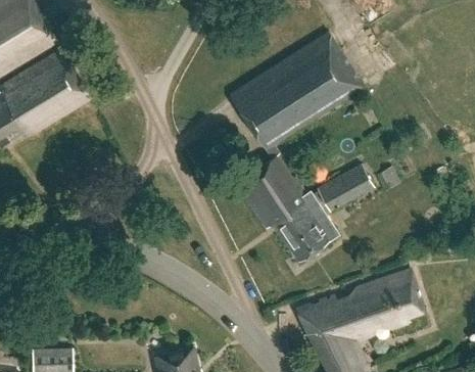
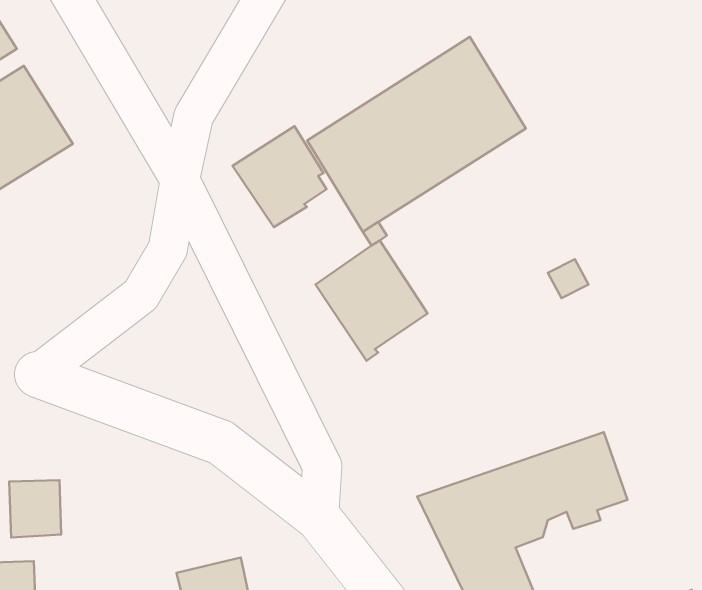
building: none -> [232,126,326,227]
building: [272,164,375,260] -> none
building: none -> [9,480,61,537]

